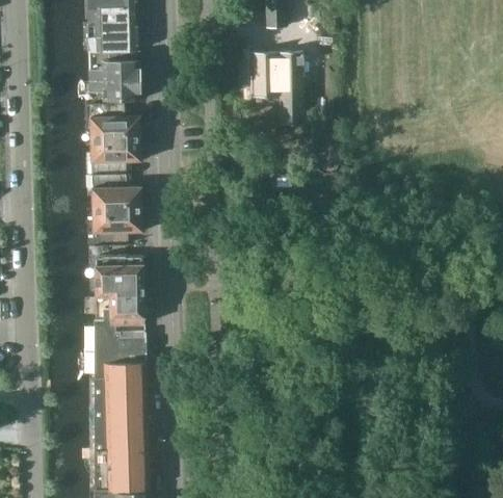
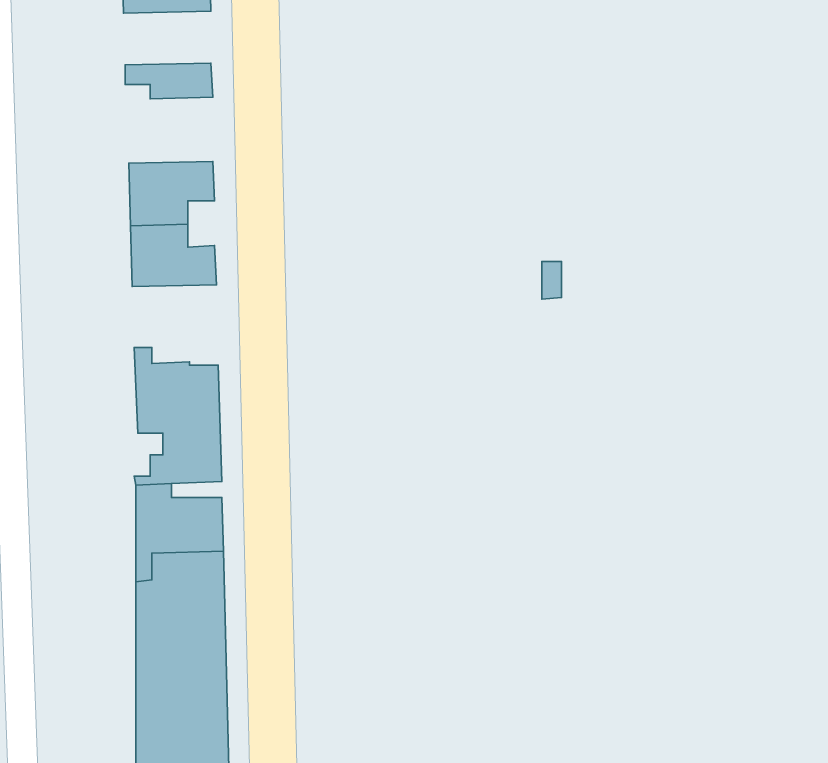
building: [249,54,302,126] -> none
building: [88,61,138,82] -> none
building: [89,104,139,139] -> none
building: [92,210,142,246] -> none

